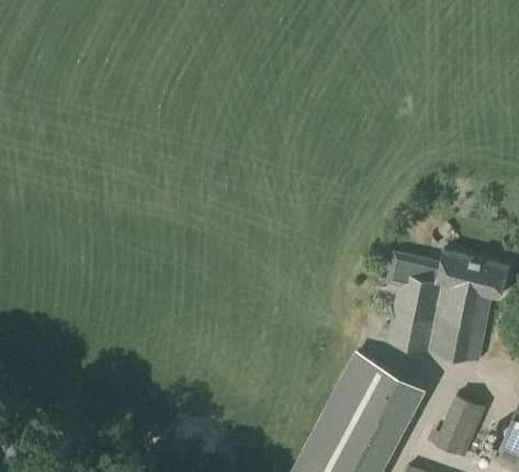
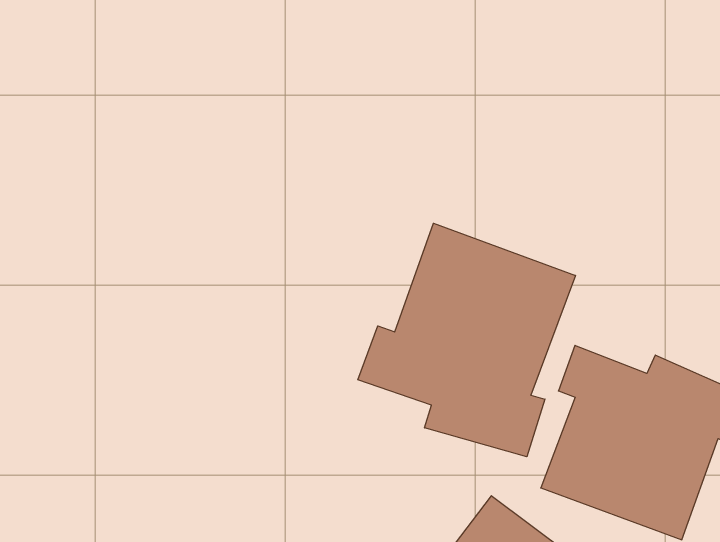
building: none -> [358,223,575,457]

